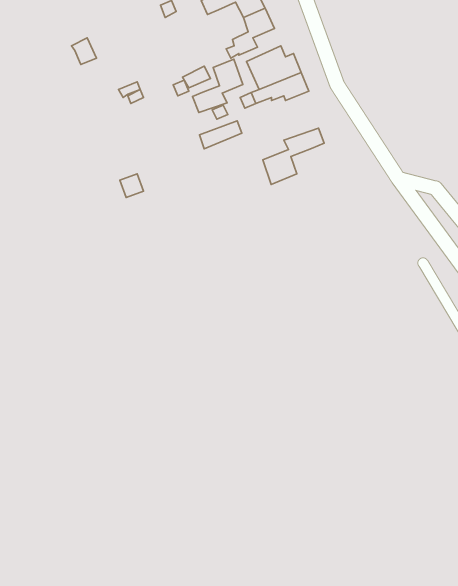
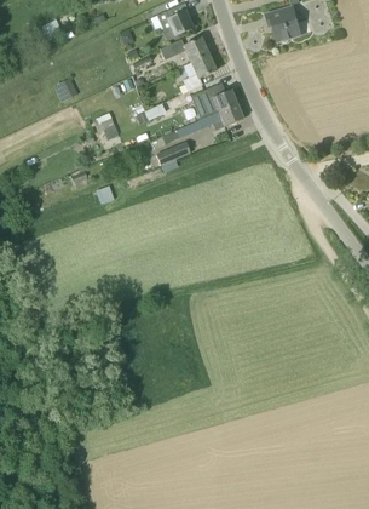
building: [193,59,243,112] -> none
building: [263,128,324,184] -> none

